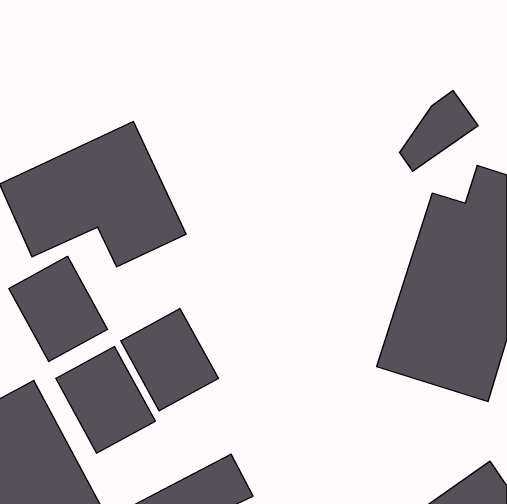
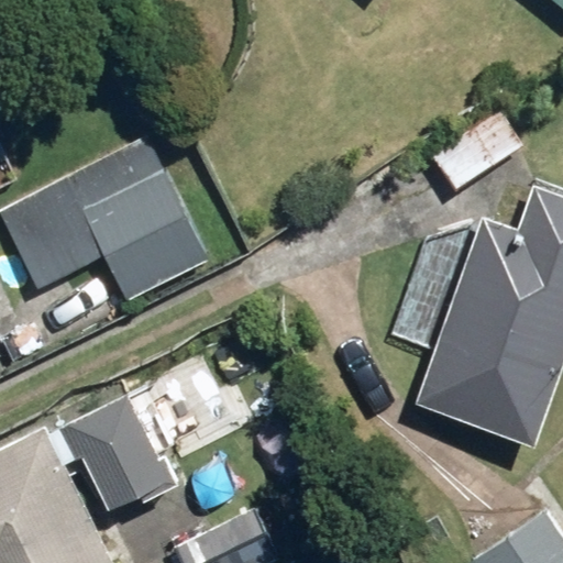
building: [9,256,107,362] -> none
building: [121,308,218,411] -> none

